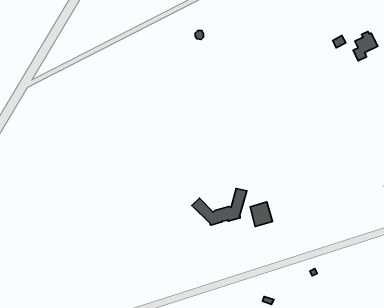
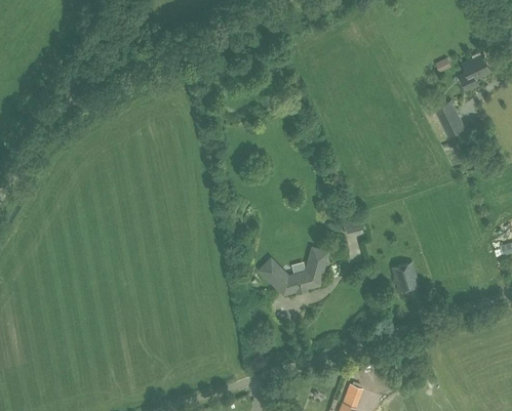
building: none -> [433,99,465,136]
building: [250,202,272,226] -> [391,261,419,292]

